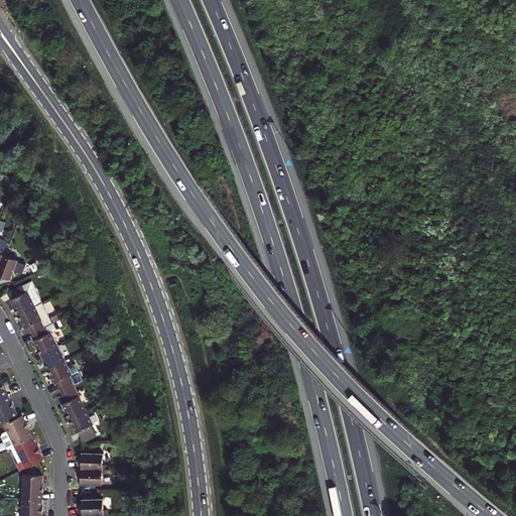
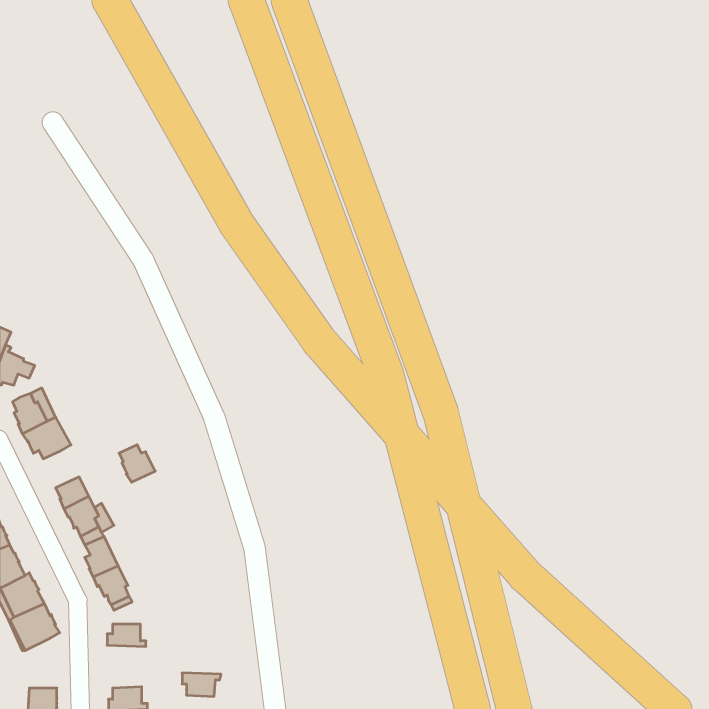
building: [31,328,57,355] -> [119,445,155,482]
building: [78,469,106,486] -> [182,673,221,696]
building: [21,475,42,500] -> none

